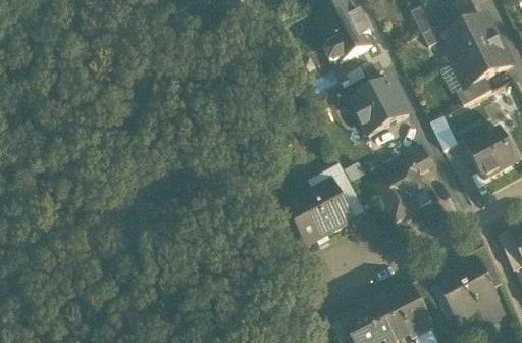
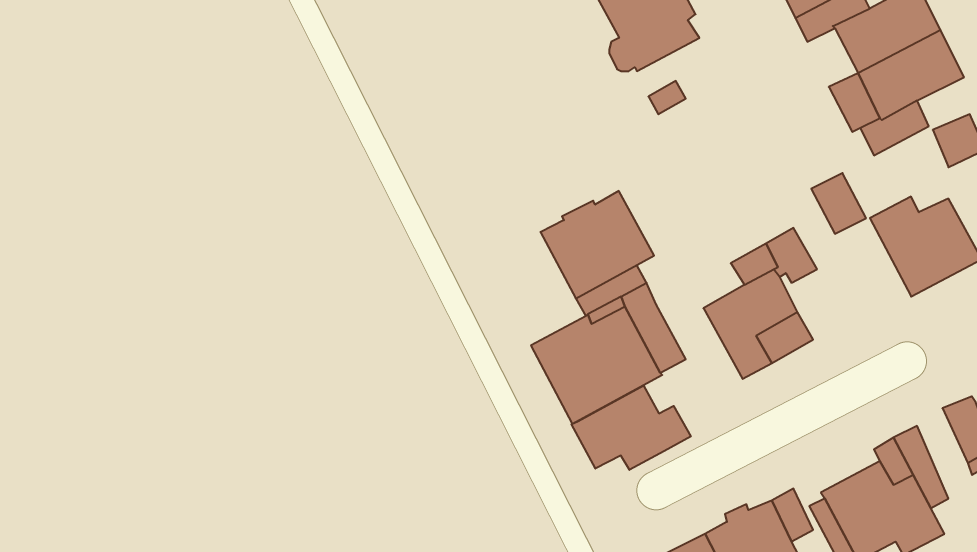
building: [351,79,410,135] -> [540,191,654,299]
building: none -> [571,386,691,470]

